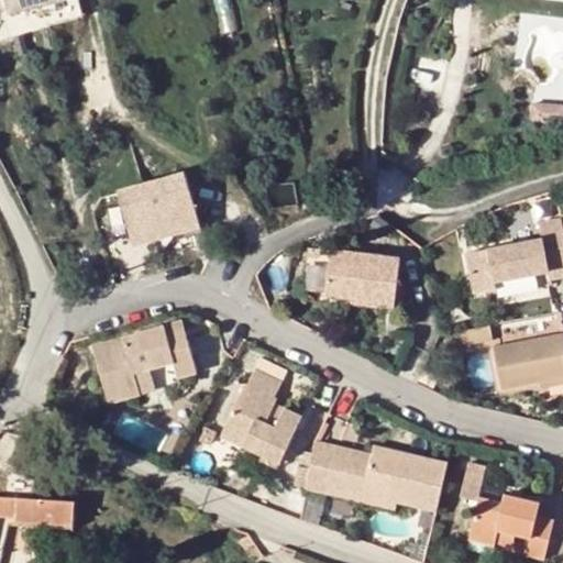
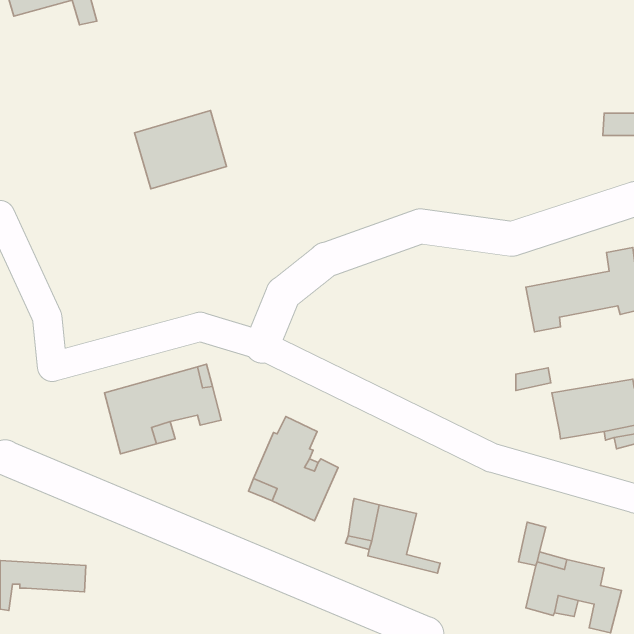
building: [117,173,198,242] -> [135,111,227,189]
building: [327,249,402,305] -> none
building: [361,445,448,509] -> none

